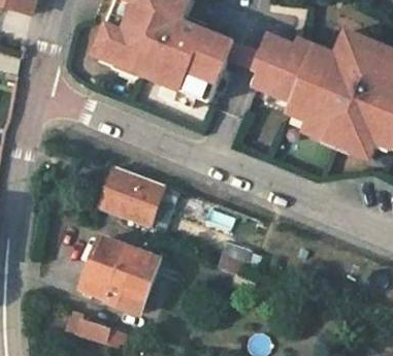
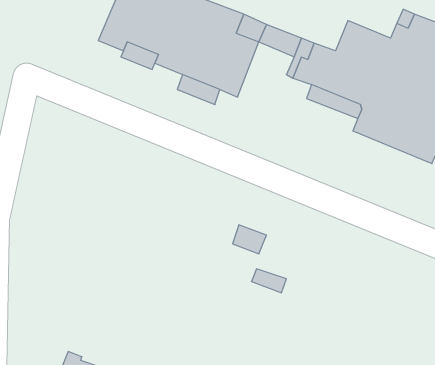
building: [98,166,163,228] -> none
building: [81,238,159,313] -> none

